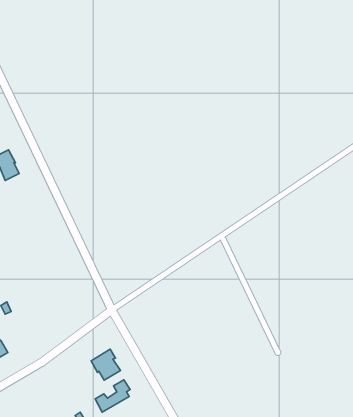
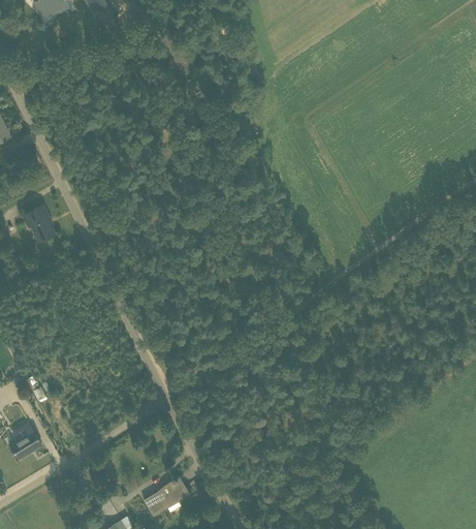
building: [91,349,121,380] -> none

